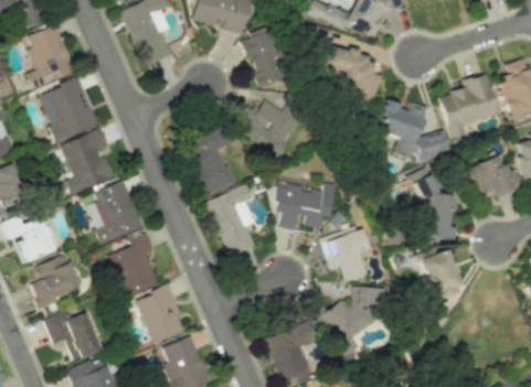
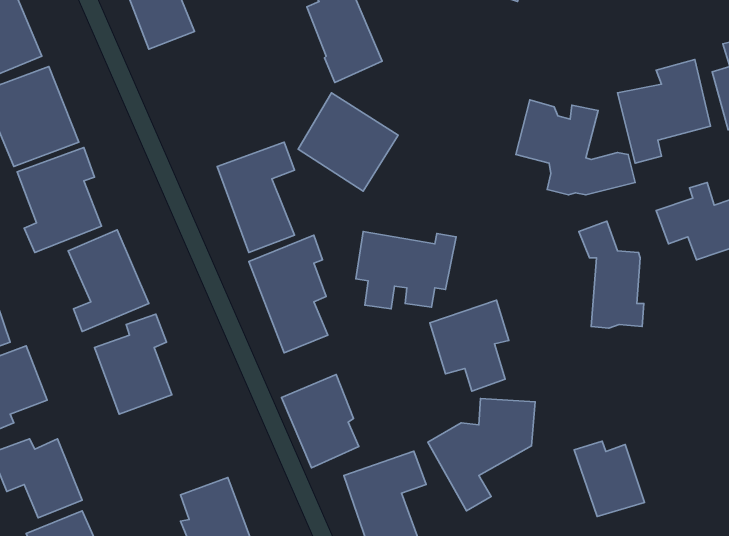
building: [317,44,379,111] -> none
building: [417,248,461,295] -> [574,441,644,517]
building: [136,286,184,344] -> [282,375,359,468]

